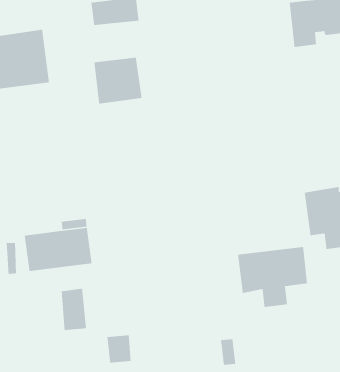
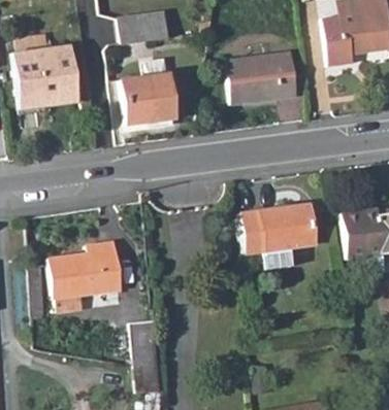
building: none -> [226,52,296,104]
building: [237,246,308,308] -> [238,205,312,269]
building: [61,288,87,331] -> [132,319,159,364]

